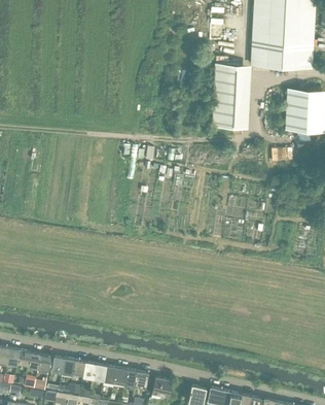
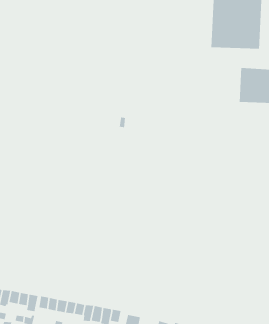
building: [213,64,241,128] -> none

